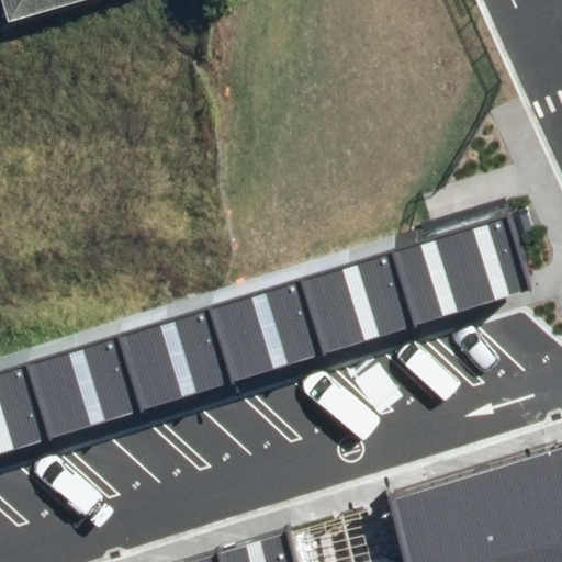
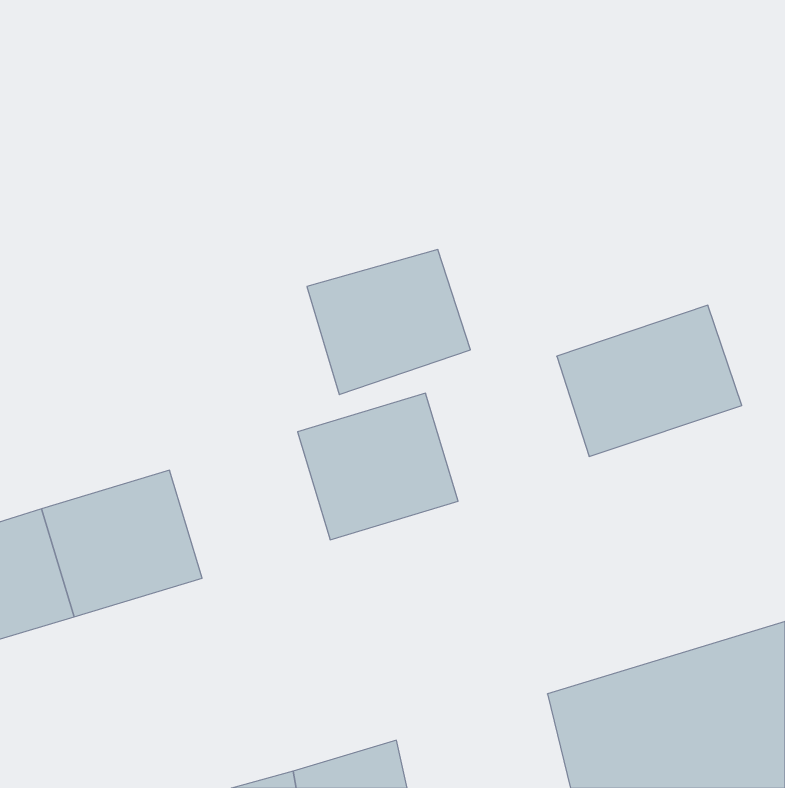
building: [303,254,419,357] -> [307,250,470,395]
building: [121,307,235,412] -> none

